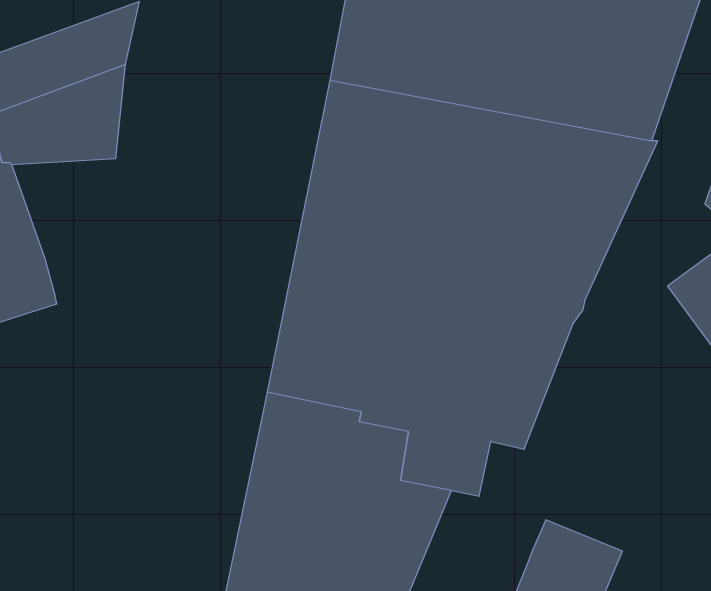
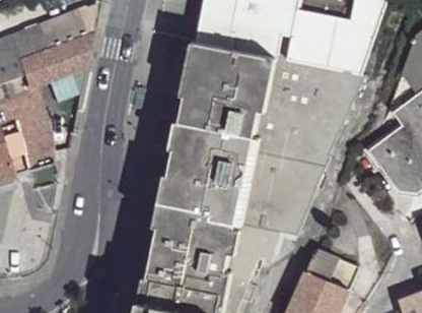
building: none -> [304,251,353,289]

